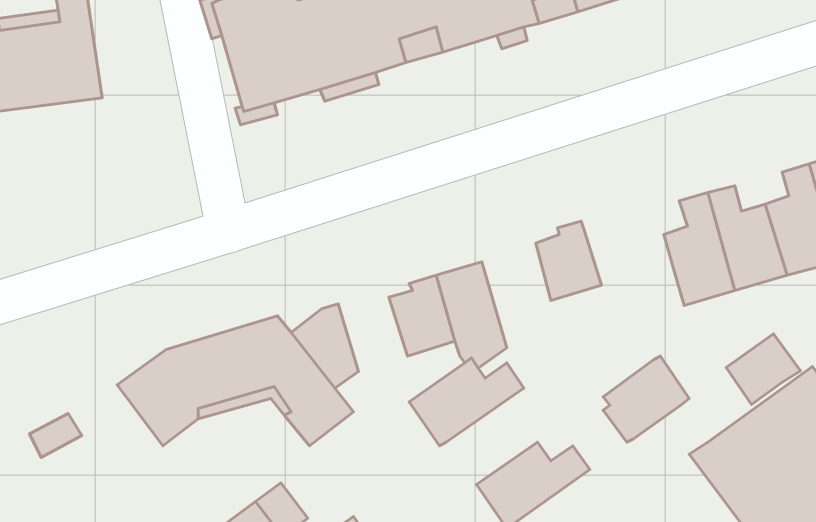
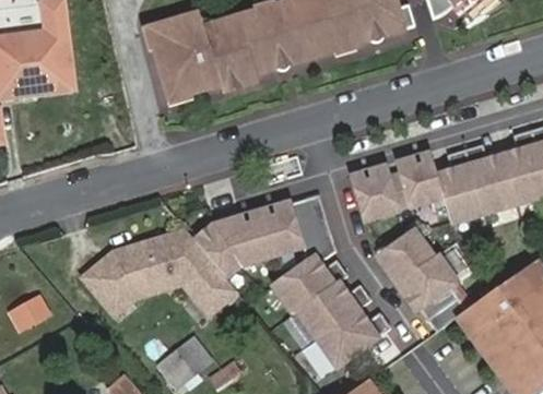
building: none -> [388,158,445,208]
building: none -> [228,215,273,264]
building: none -> [378,231,433,280]
building: [726,334,801,405] -> [420,286,468,332]
building: none -> [298,282,371,337]

